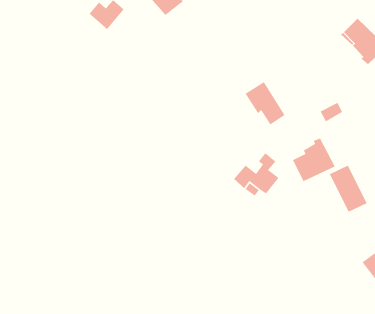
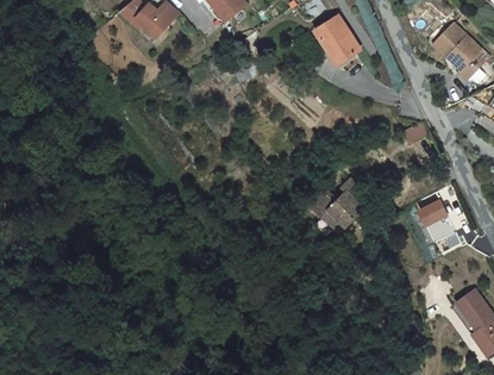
building: [245,81,286,125] -> [314,13,362,64]
building: [292,137,336,182] -> none

